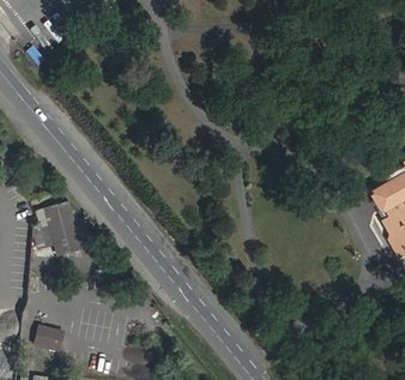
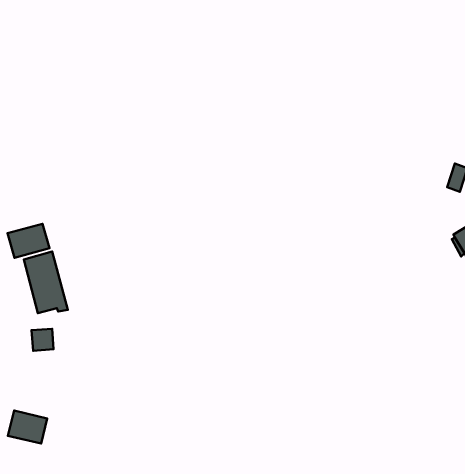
building: none -> [8,224,49,258]

